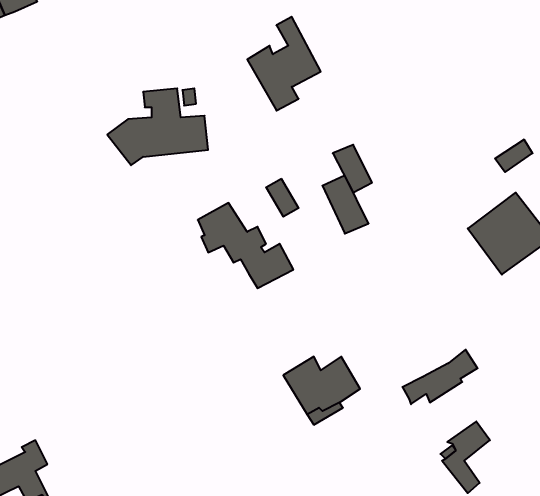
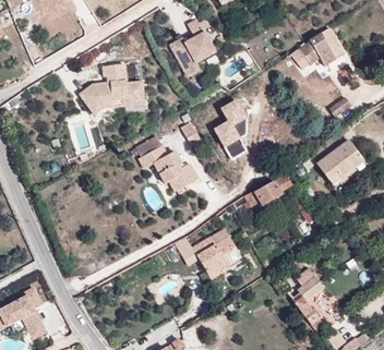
building: none -> [289,29,334,65]
building: [402,350,478,404] -> [243,172,291,207]

